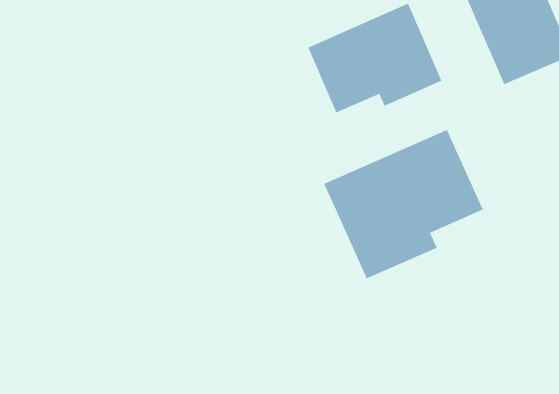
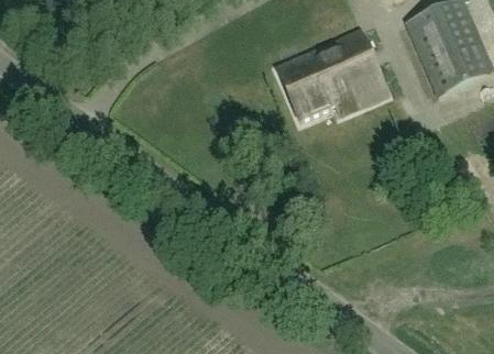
building: [324,129,484,279] -> none

